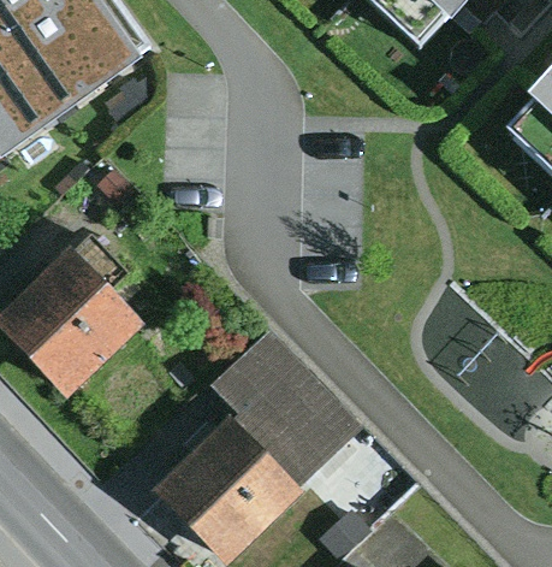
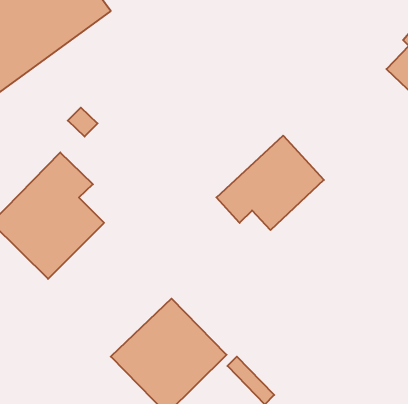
building: none -> [216,136,324,230]
building: [212,330,361,482] -> none

